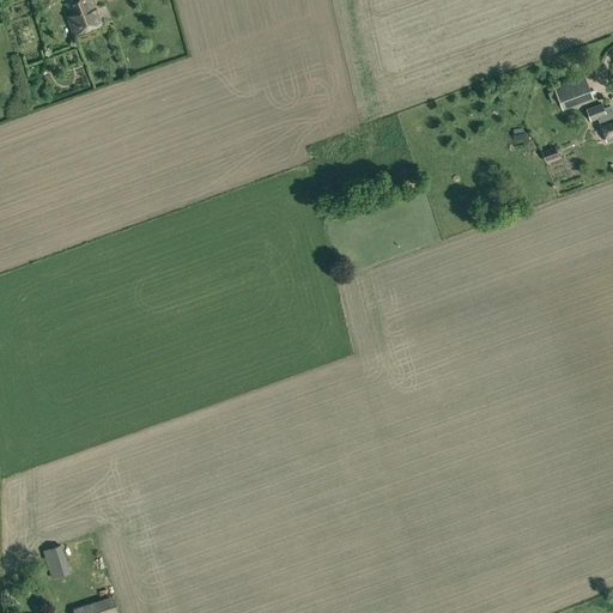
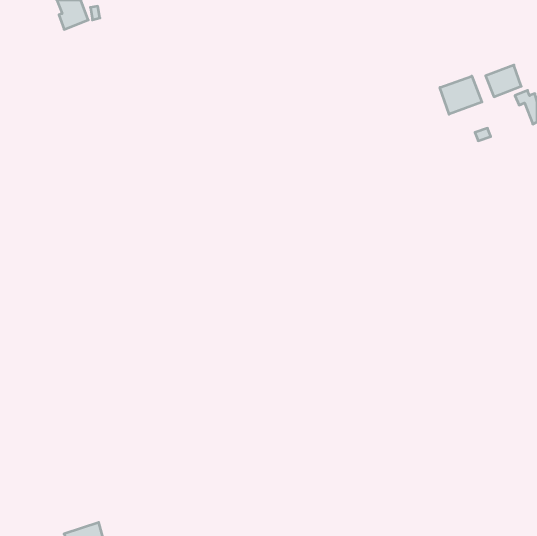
building: none -> [440,76,482,114]
building: [43,546,69,579] -> none

